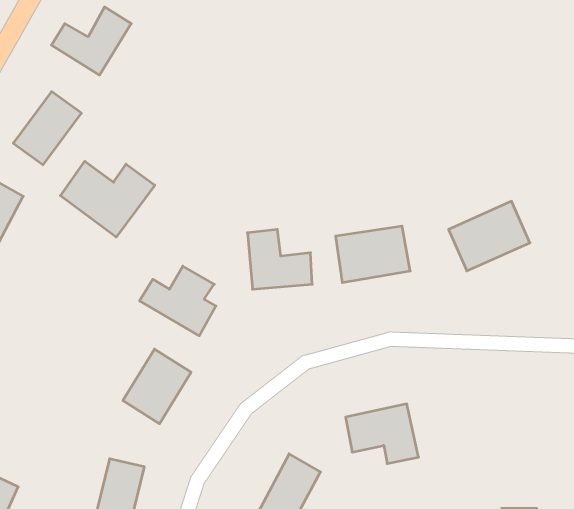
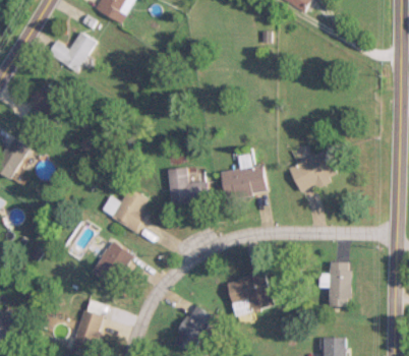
building: [60,161,155,237] -> none
building: none -> [320,262,351,306]

